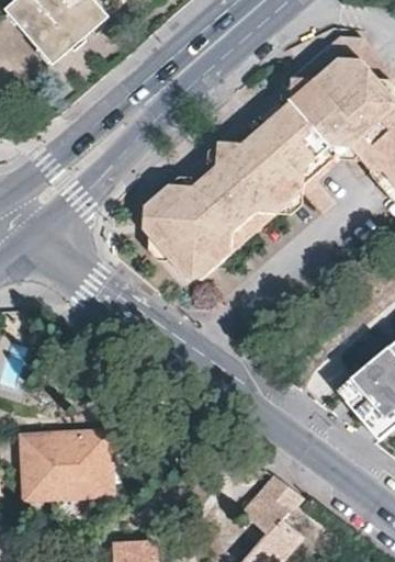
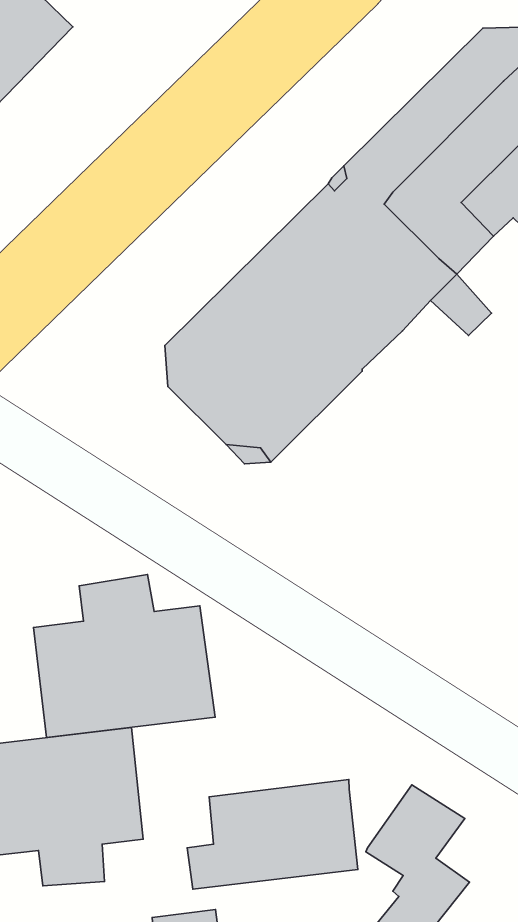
building: none -> [33,575,215,738]
building: none -> [187,780,358,889]

